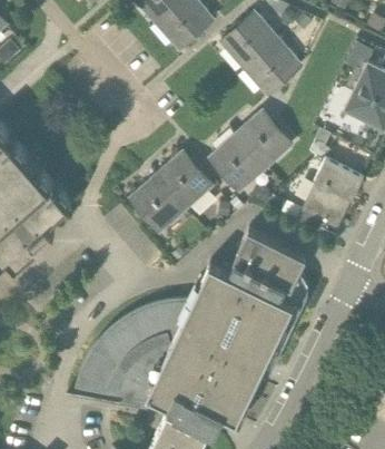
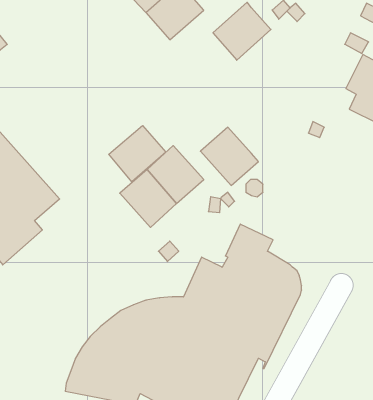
building: [243,39,299,96] -> none
building: [234,111,290,168] -> none
building: none -> [109,126,166,182]
building: [295,158,362,233] -> none

